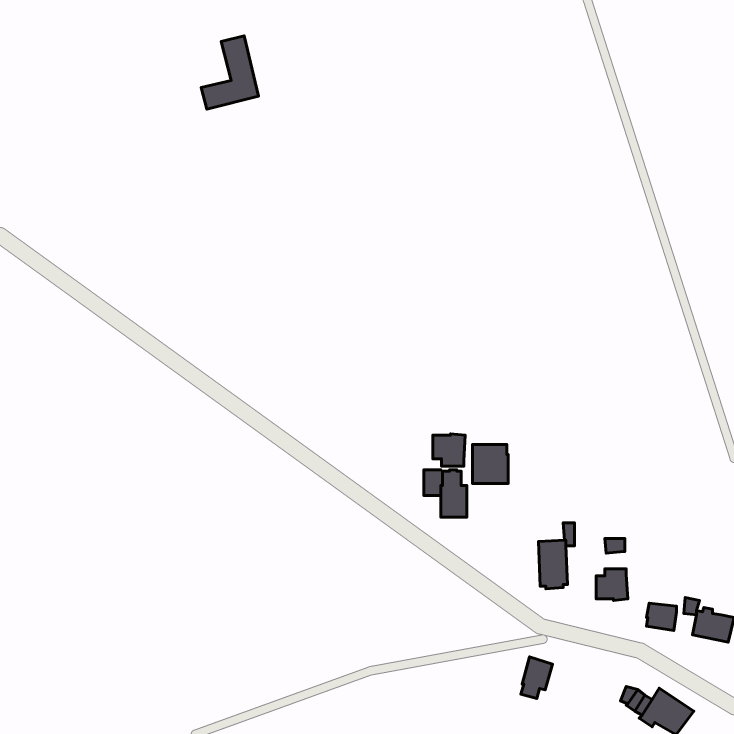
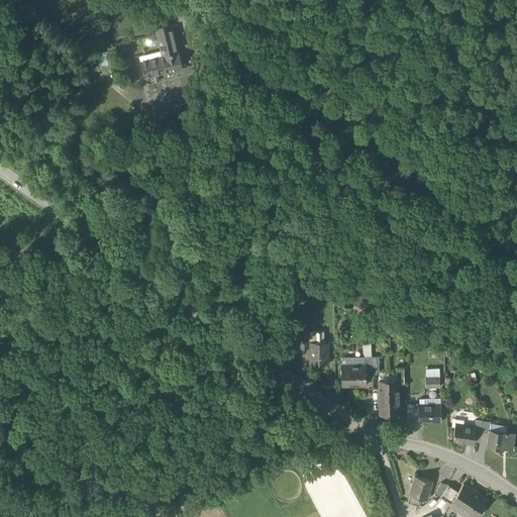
building: [433,434,465,466] -> none
building: [472,445,508,483] -> [341,357,367,385]
building: [521,657,552,699] -> [409,476,431,505]

